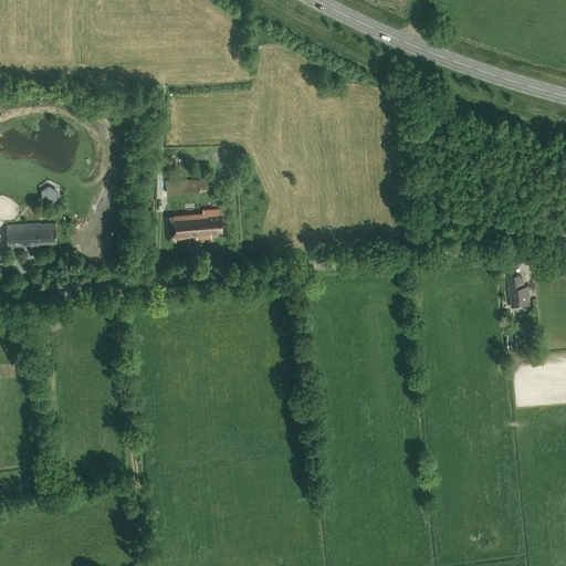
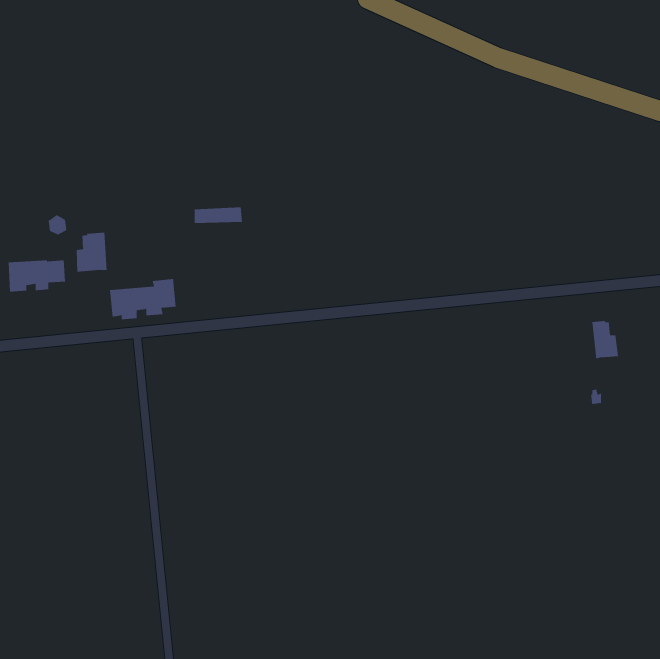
building: none -> [76,232,107,273]
building: [166,207,223,242] -> [109,278,176,320]

